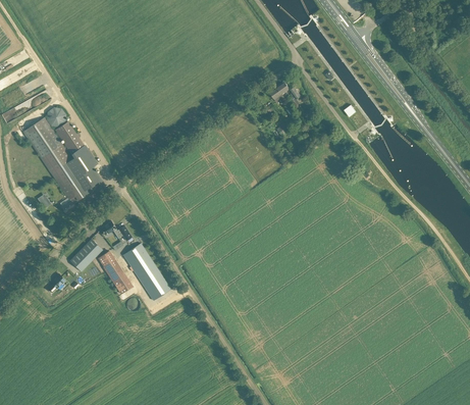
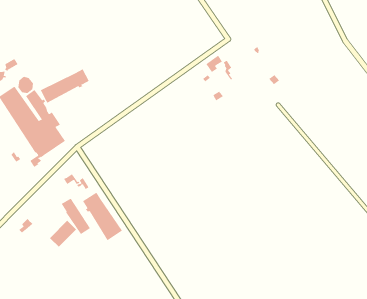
building: none -> [40,69,90,103]
building: [69,239,102,271] -> [49,220,77,248]

